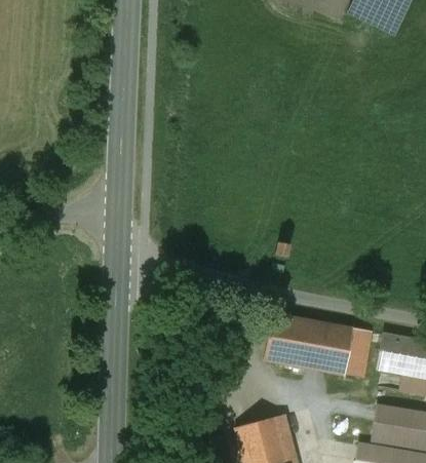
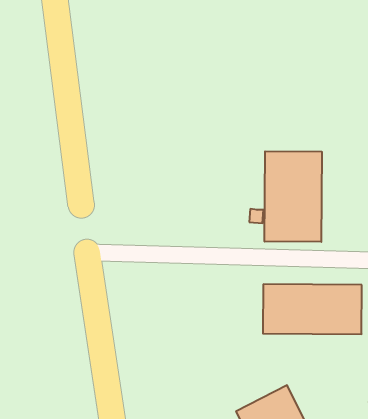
building: none -> [265,151,322,242]

